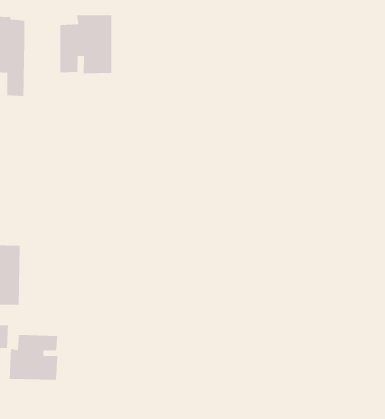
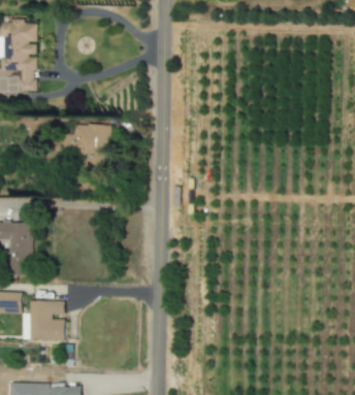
building: [60,15,112,74] -> none
building: none -> [65,125,109,169]

